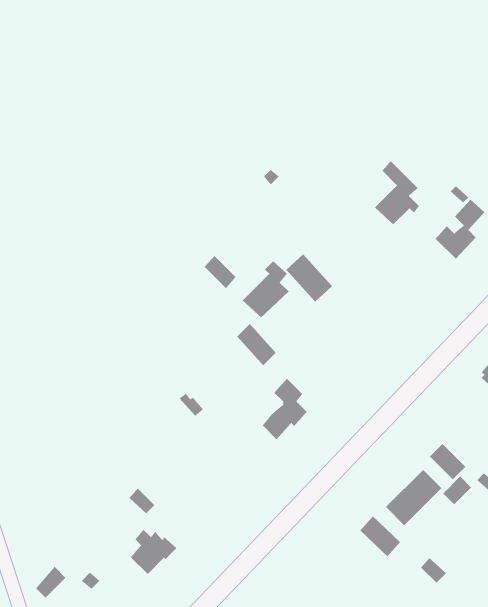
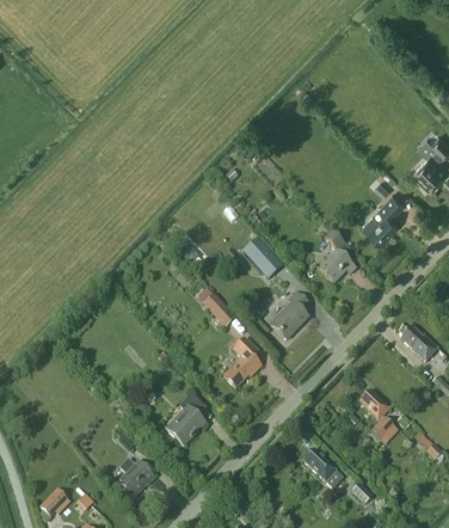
building: [374,160,420,225] -> [318,231,355,283]
building: [242,260,289,318] -> [270,293,308,339]
building: none -> [166,393,205,446]
building: [385,469,442,526] -> none

